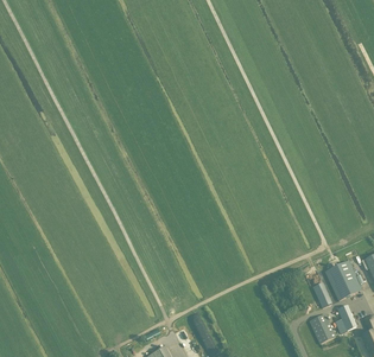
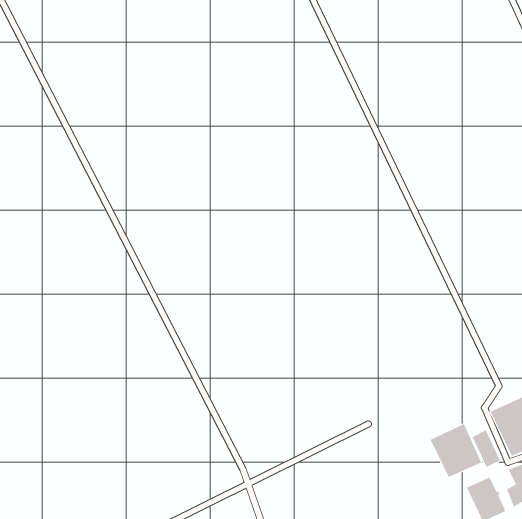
building: none -> [430,423,482,478]

